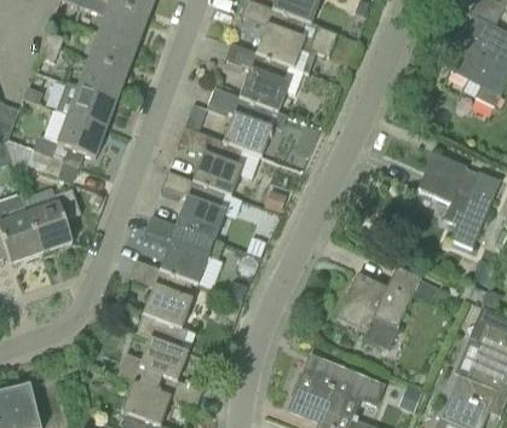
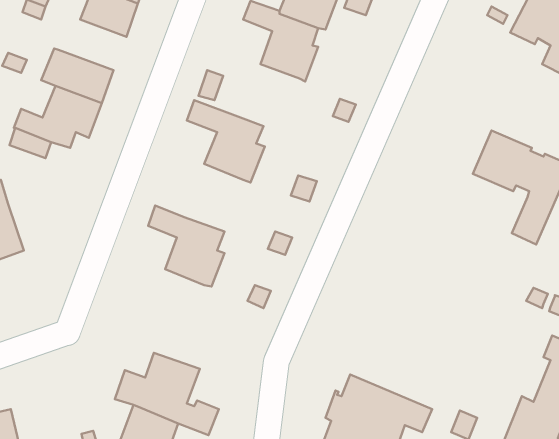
building: [69,59,126,102] -> none
building: [207,88,271,157] -> none
building: [160,170,224,239] -> none
building: [27,189,79,253] -> none
building: [127,260,191,349] -> none
building: [335,267,437,349] -> none

